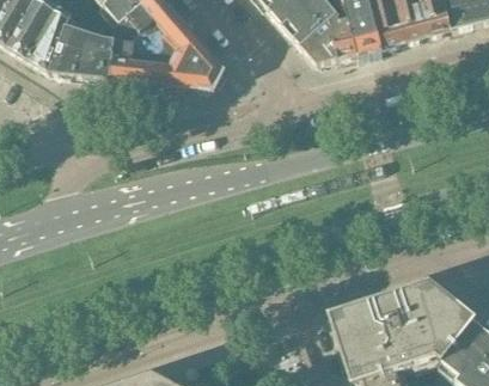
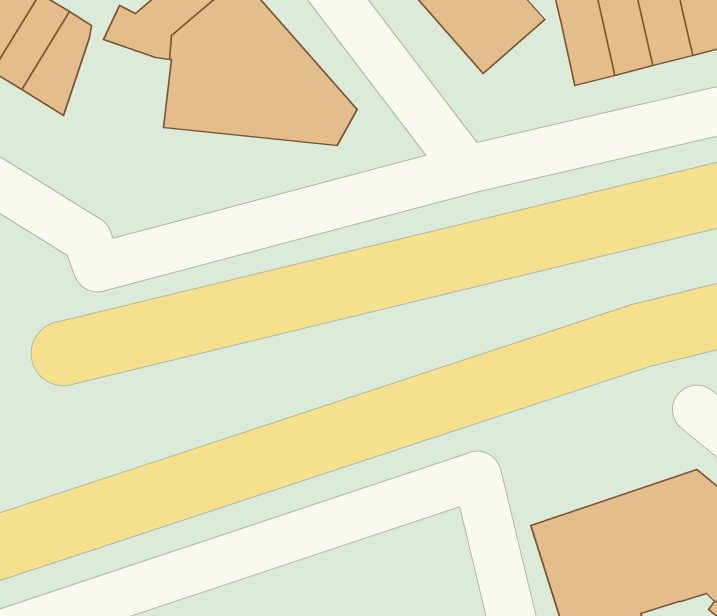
building: [302,12,357,61] -> none
building: [51,23,116,76] -> none

